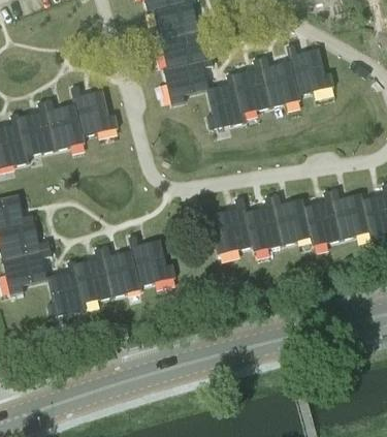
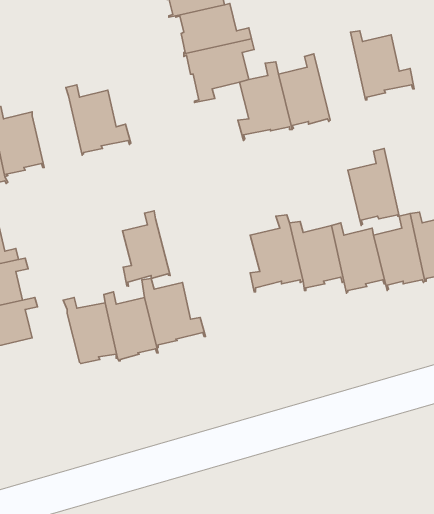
building: [262,49,301,107] -> [348,148,399,226]
building: [47,97,87,155] -> none
building: none -> [123,211,170,286]
building: [46,260,86,317] -> none

